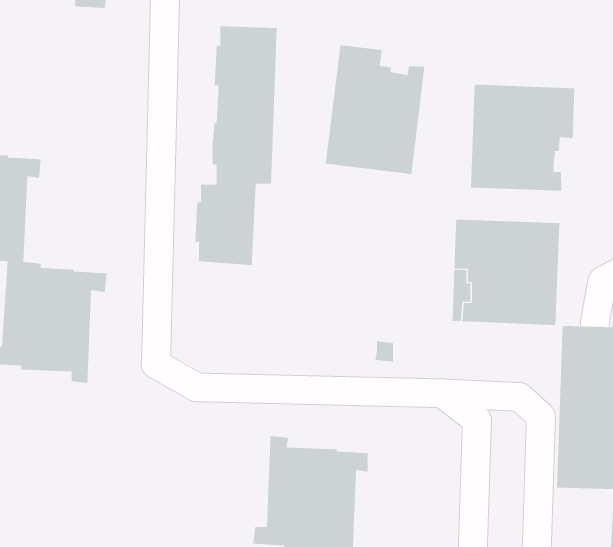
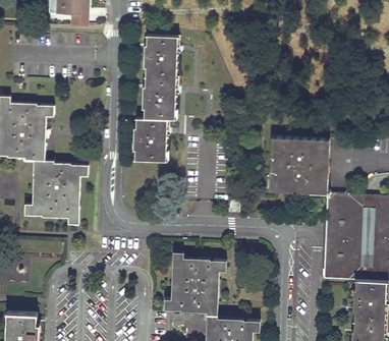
building: [325,44,425,175] -> none
building: [470,84,575,191] -> none

